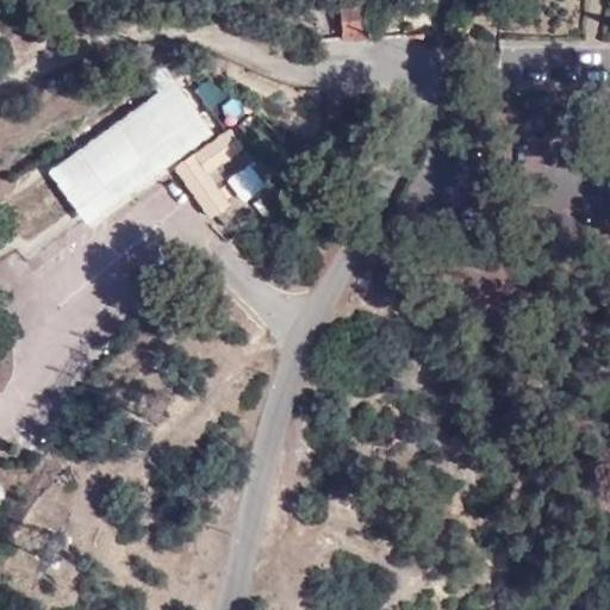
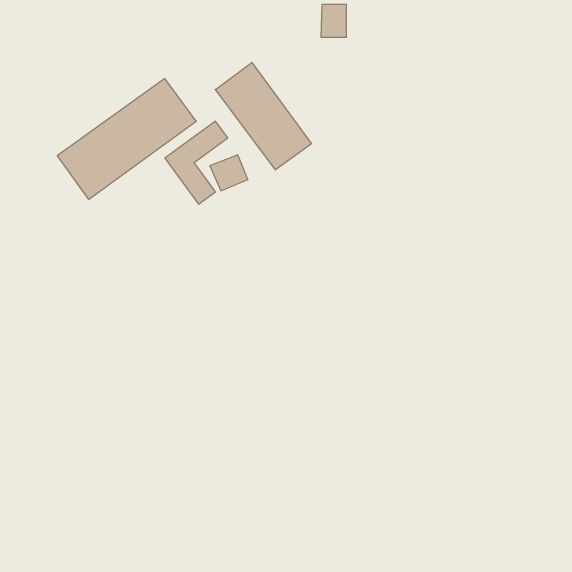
building: none -> [215,62,311,170]
building: [46,81,212,226] -> none

